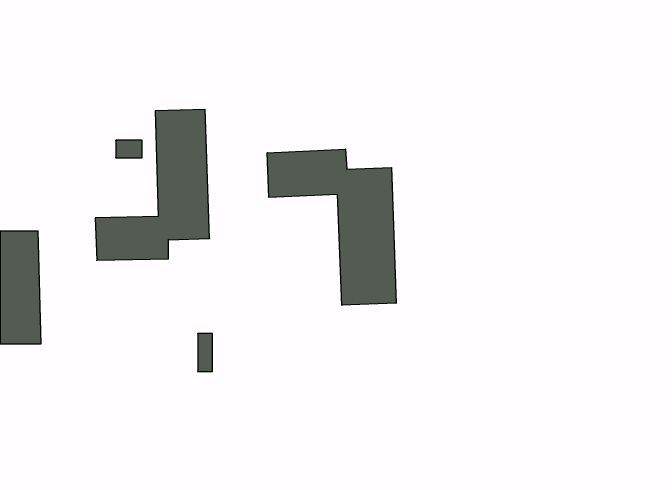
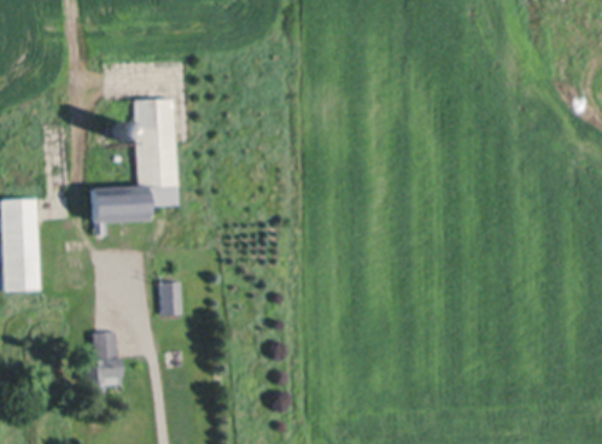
building: [267,149,396,305] -> none
building: none -> [89,333,117,385]

